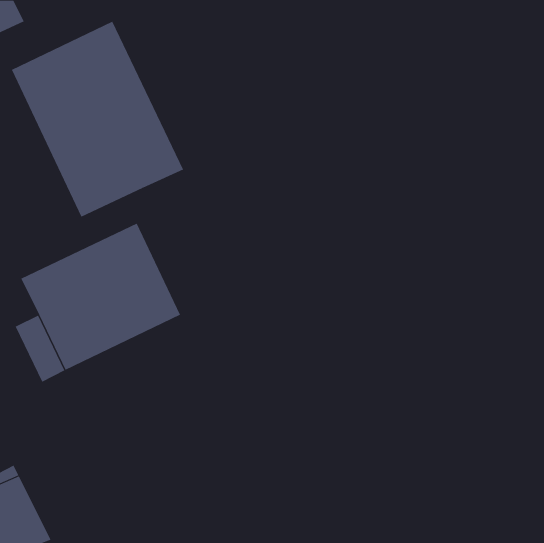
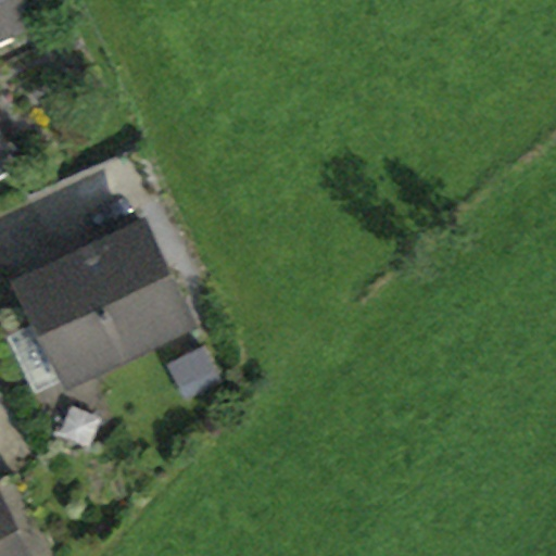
building: [11,21,184,217] -> none

